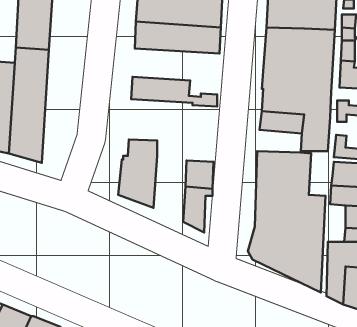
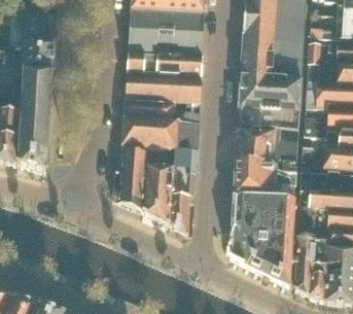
building: none -> [127,70,203,99]
building: none -> [123,114,201,147]
building: none -> [236,141,275,161]
building: none -> [145,164,175,221]

